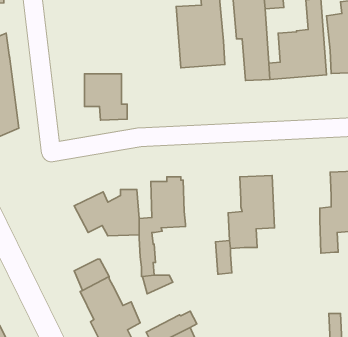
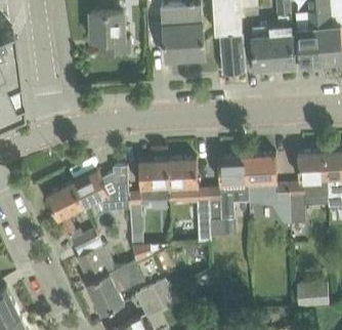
building: [84,74,127,120] -> [91,12,129,53]
building: none -> [247,155,289,202]
building: none -> [168,159,199,199]
building: none -> [46,182,84,238]

